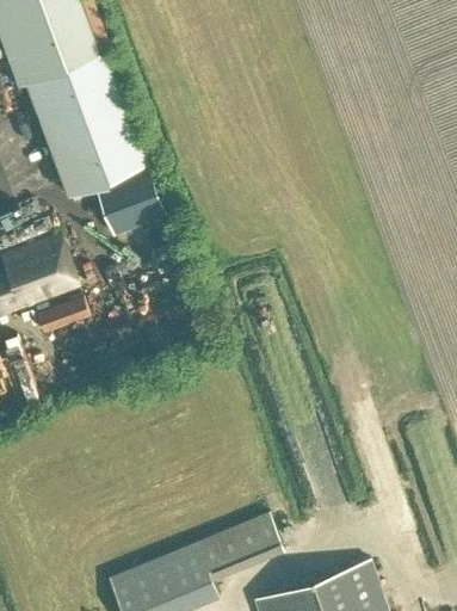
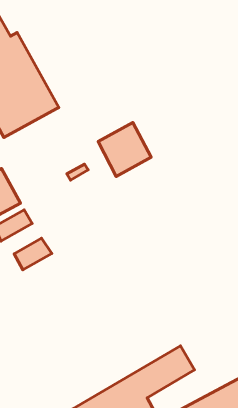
building: [93,165,162,235] -> [98,122,151,176]
building: none -> [14,238,52,270]

